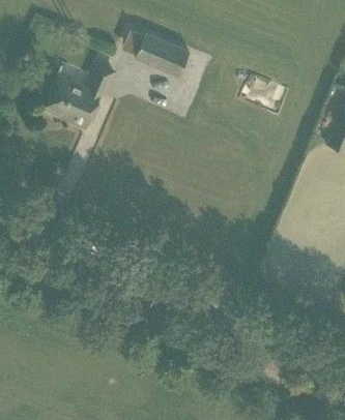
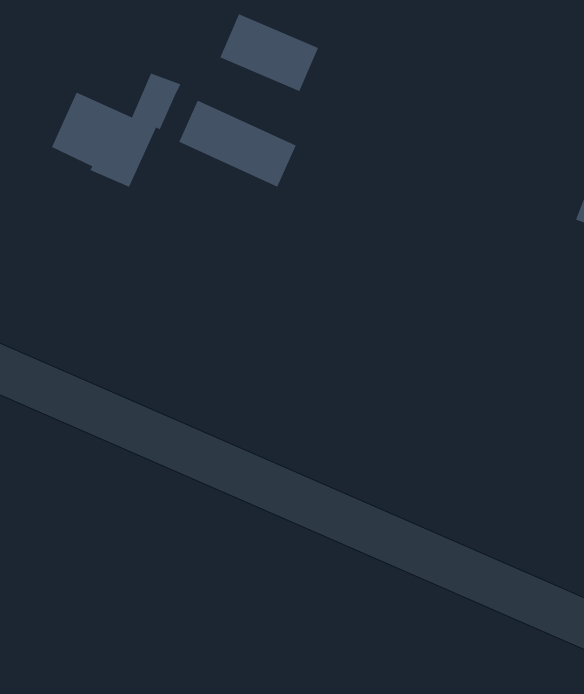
building: none -> [178,100,296,188]

